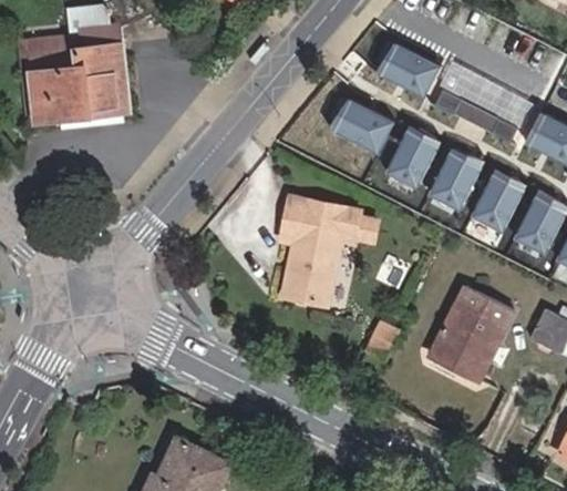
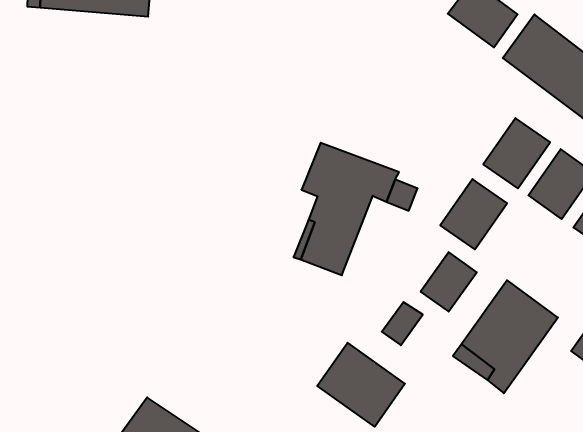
building: [333,99,392,152] -> none
building: [385,129,439,187] -> [440,179,507,249]
building: none -> [421,252,477,312]
building: none -> [317,343,405,427]

